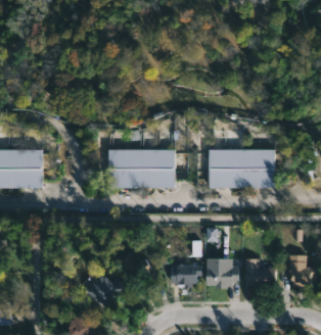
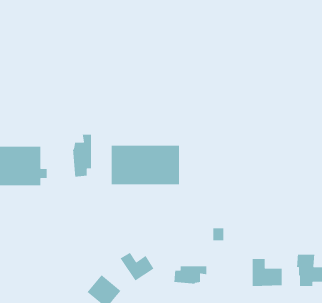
building: none -> [72,134,92,178]
building: [210,150,275,188] -> none
building: [207,261,238,285] -> none

